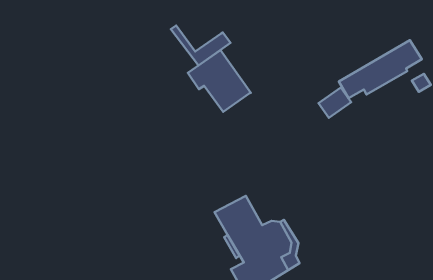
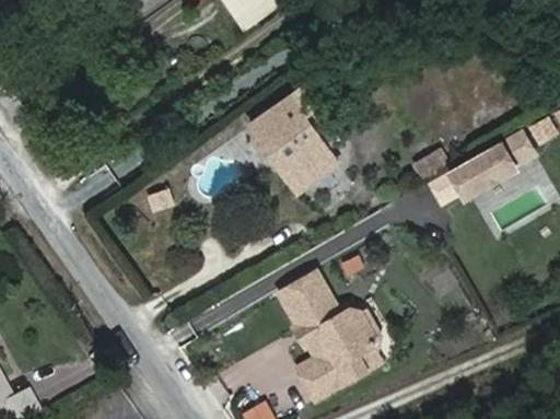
building: [171,26,231,65] -> [259,136,335,186]
building: [339,40,422,98] -> [427,132,532,206]

